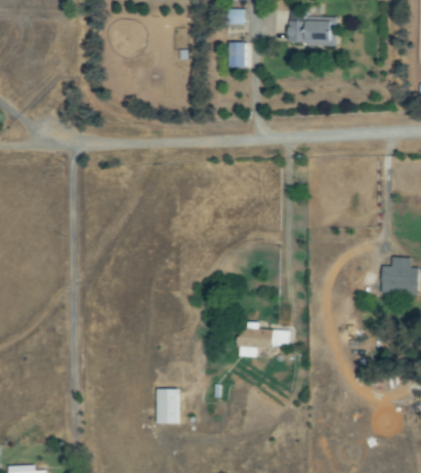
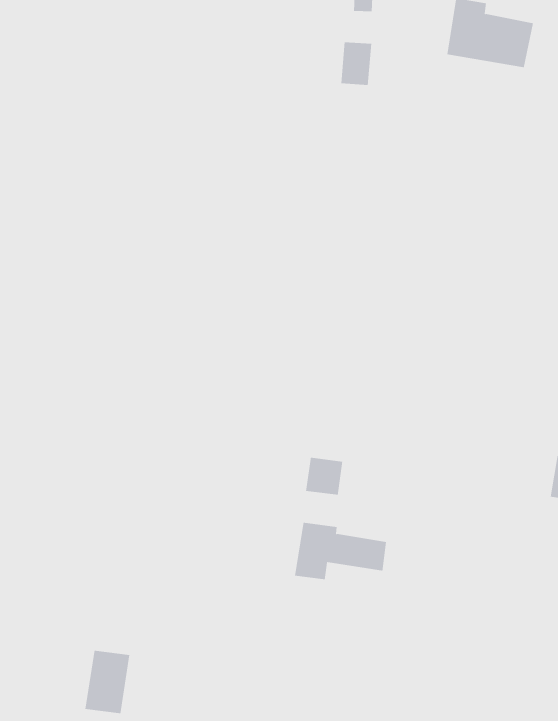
building: none -> [306,457,343,496]
building: [157,388,179,423] -> [85,650,130,714]

